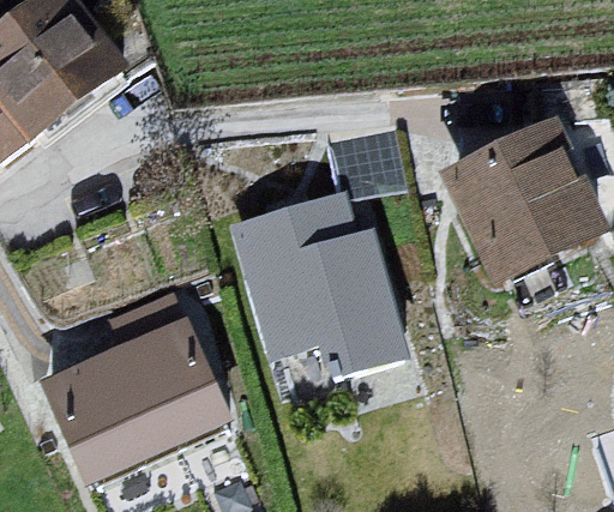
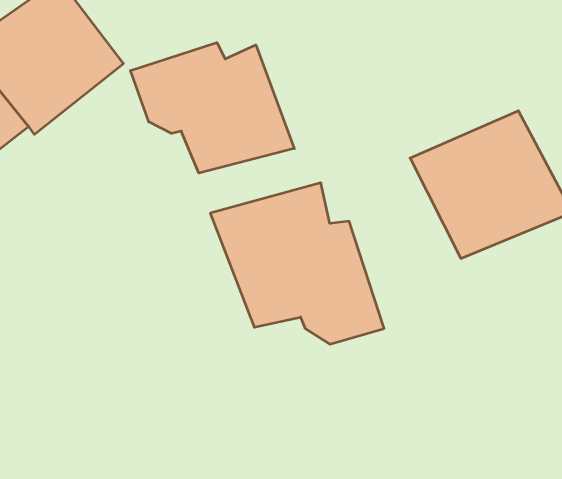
building: none -> [130,43,294,173]
building: [36,314,236,482] -> none

